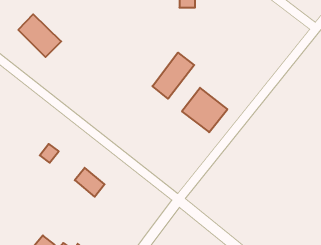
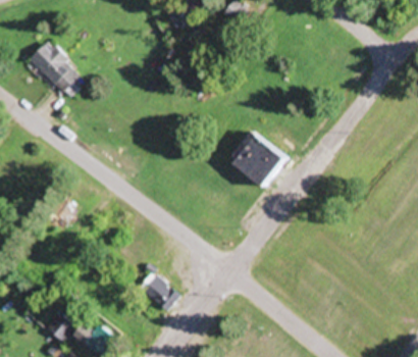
building: [152,53,194,99] -> none
building: [75,168,105,197] -> [141,274,177,310]

